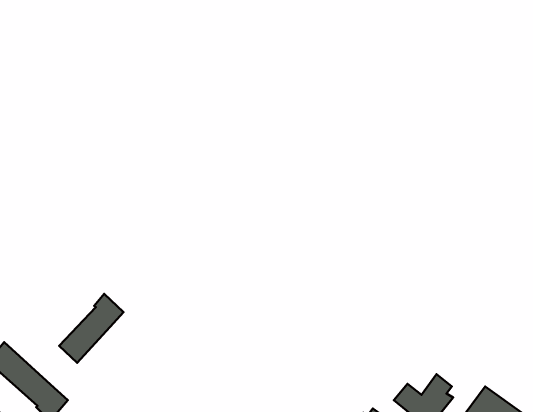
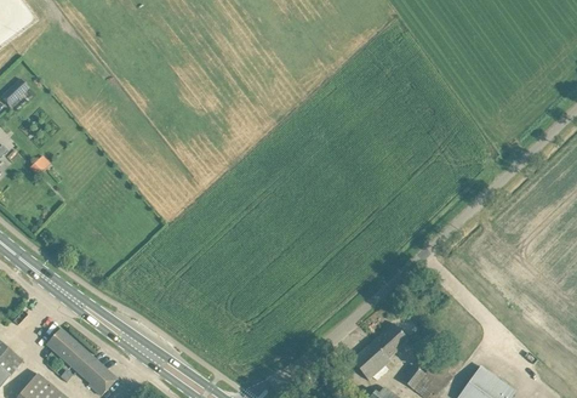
building: [59,294,123,363] -> none
building: none -> [350,323,407,380]

